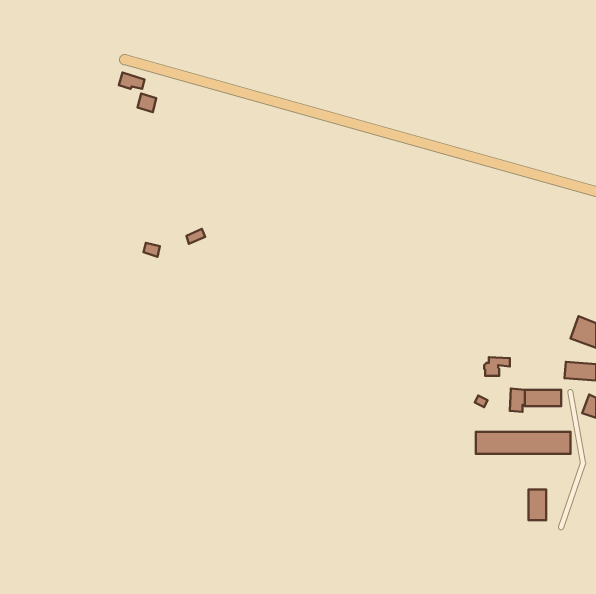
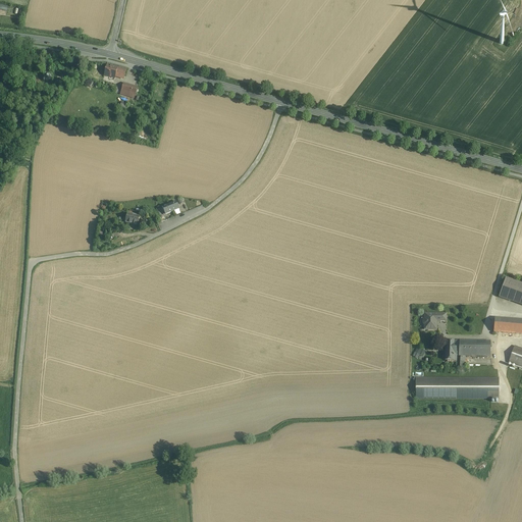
building: [529,490,546,520] -> none

